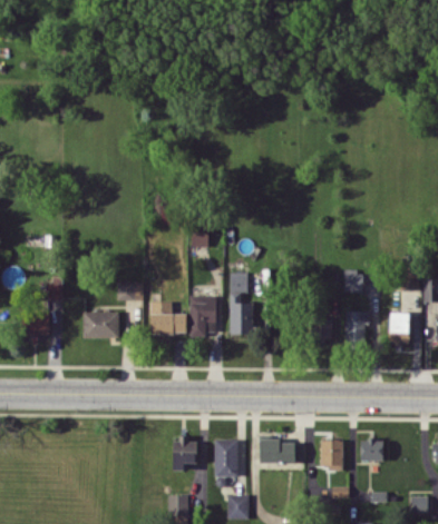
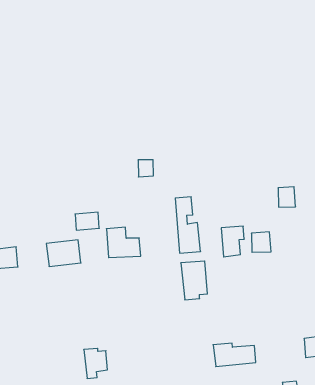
building: [188,296,215,337] -> [181,261,207,300]
building: [344,312,369,344] -> [221,226,244,257]
building: [172,438,196,471] -> [84,348,107,378]
building: [214,441,236,476] -> none
building: [320,442,342,469] -> none

